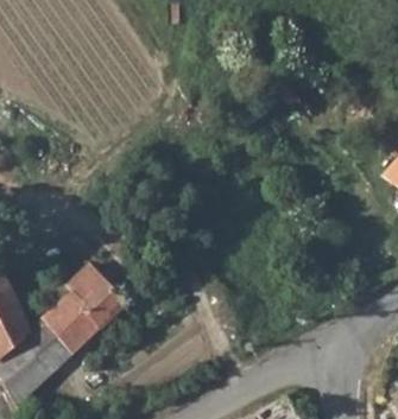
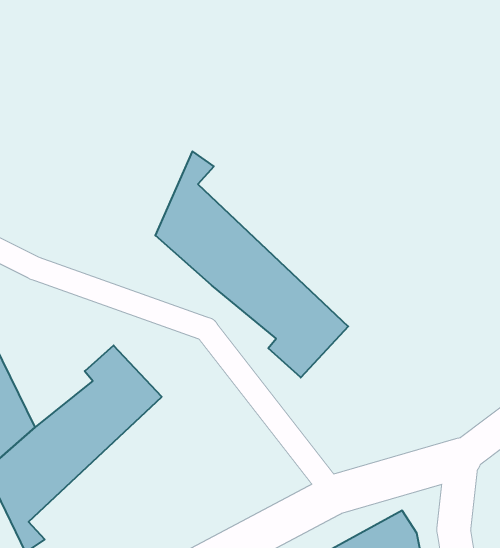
building: none -> [155,151,348,378]

